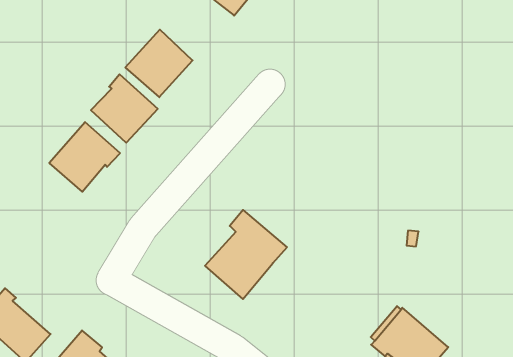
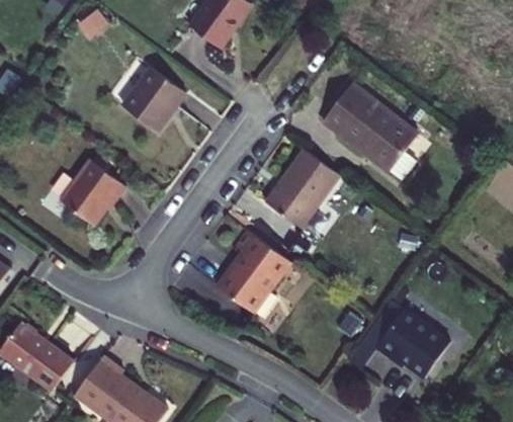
building: none -> [322,81,418,171]
building: [91,74,158,143] -> none
building: none -> [262,151,337,231]

